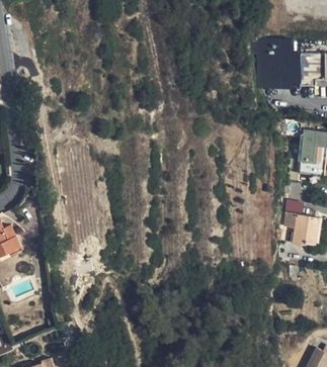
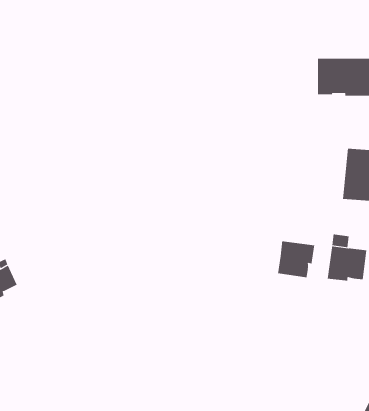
building: none -> [278,241,315,278]

